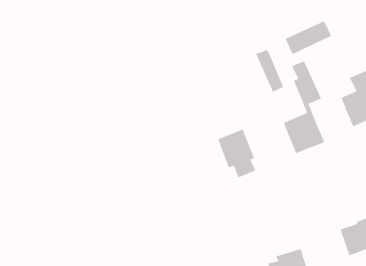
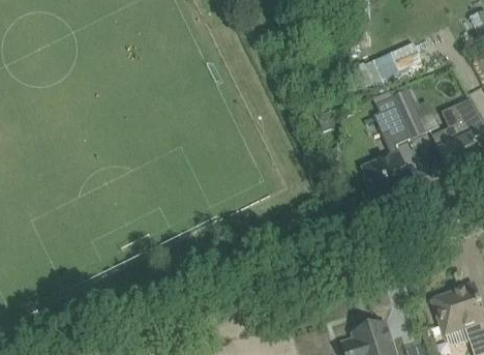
building: [255,49,284,93] -> [389,82,425,137]
building: [217,129,256,178] -> none

